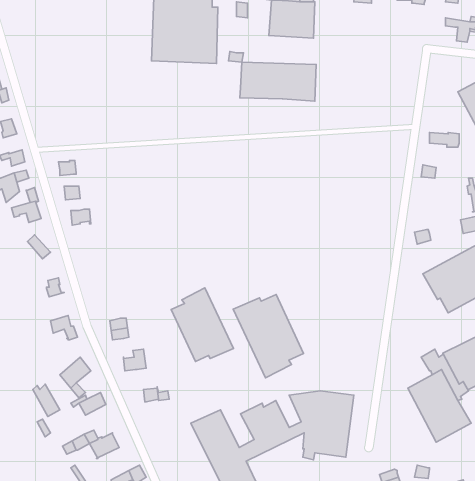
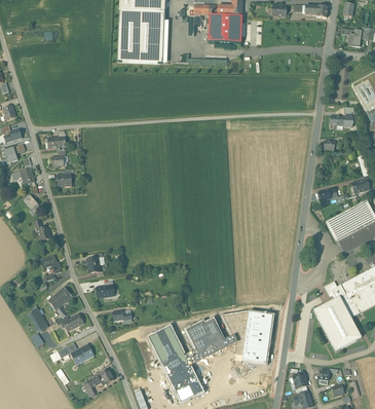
building: [240,62,316,101] -> none
building: [171,288,233,362] -> none
building: [233,294,304,378] -> none

